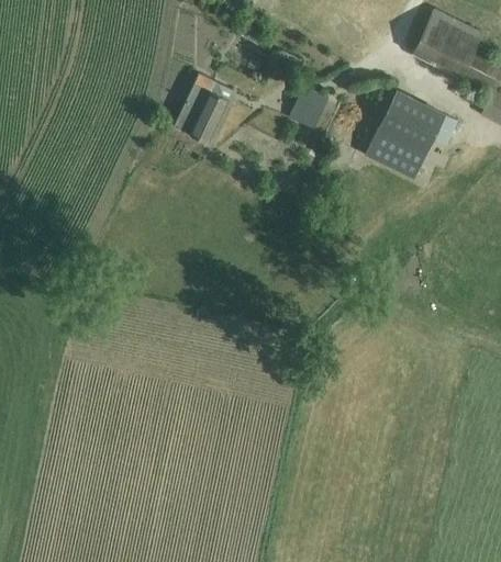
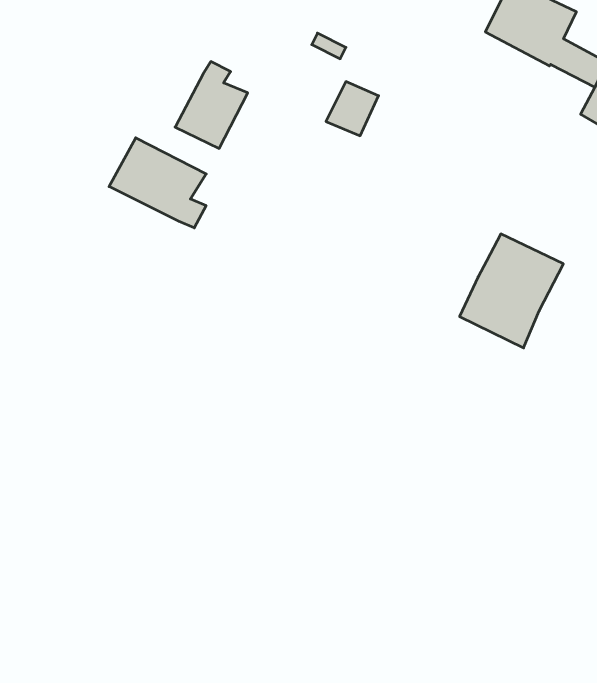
building: [366,91,446,179] -> [460,234,563,348]
building: none -> [109,138,206,228]

